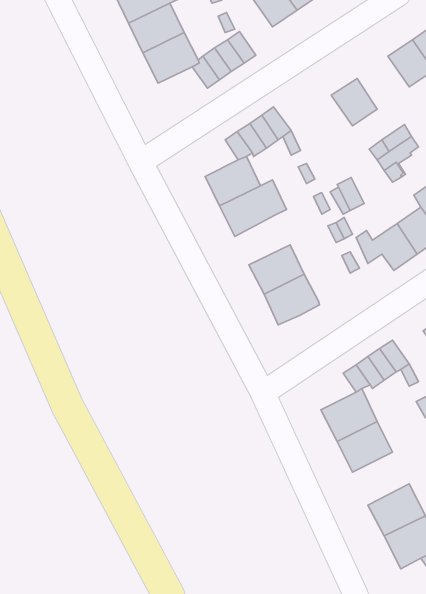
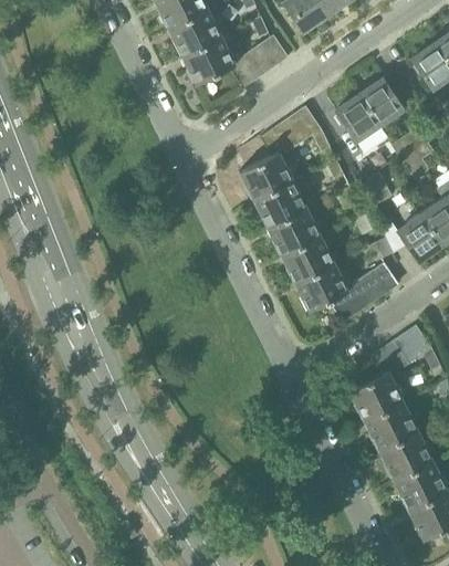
building: none -> [336,95,378,139]
building: none -> [268,208,320,254]
building: none -> [328,262,398,321]
building: none -> [378,430,431,480]

